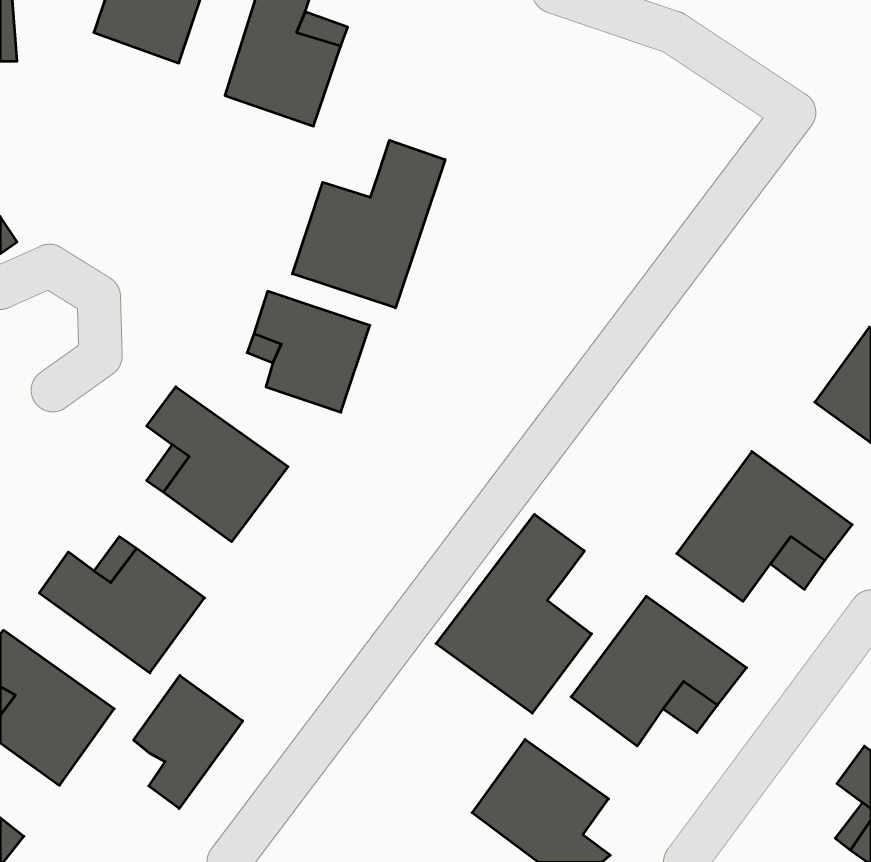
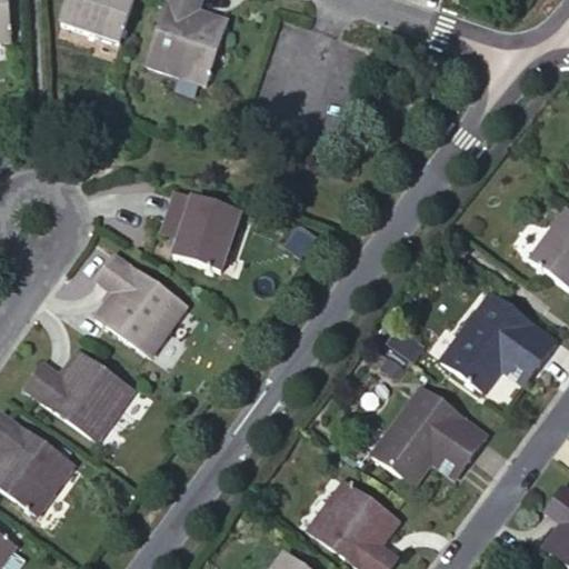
building: [292,140,445,308] -> none
building: [436,514,592,713] -> none
building: [134,675,243,809] -> none

